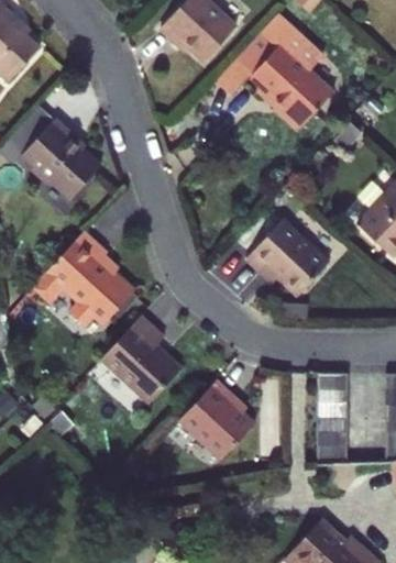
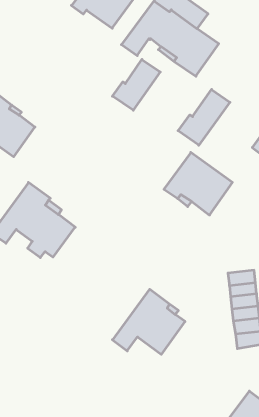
building: none -> [112,59,160,110]
building: none -> [178,89,230,145]
building: [102,317,184,406] -> none

